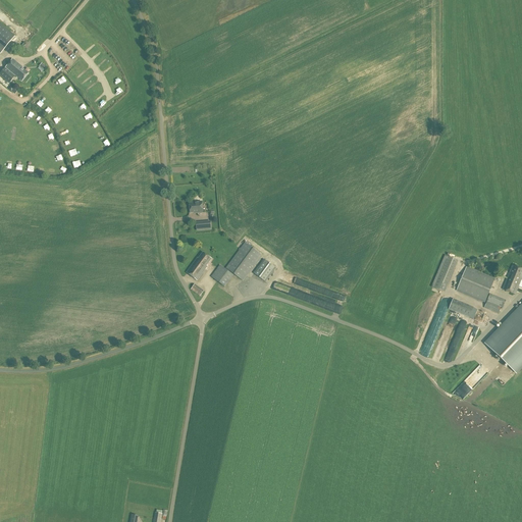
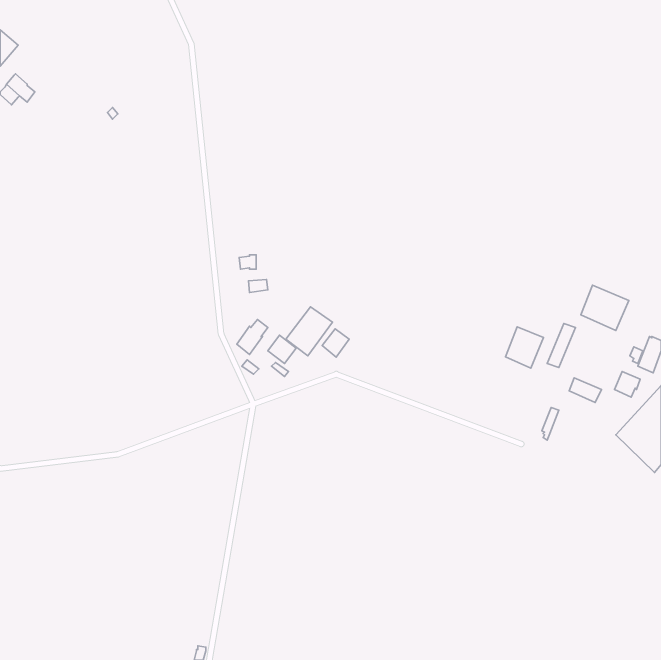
building: none -> [505,327,544,368]
building: [457,266,494,302] -> [581,285,629,330]

